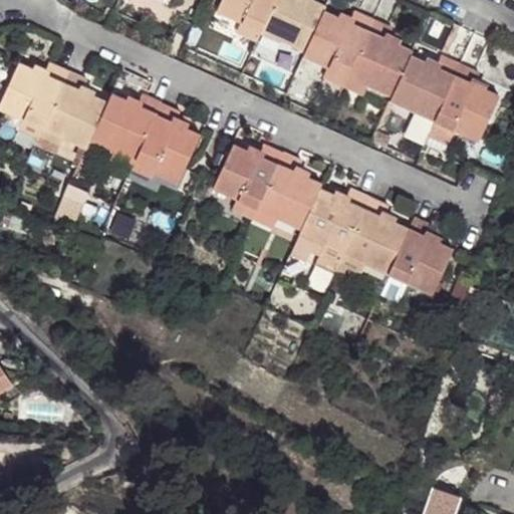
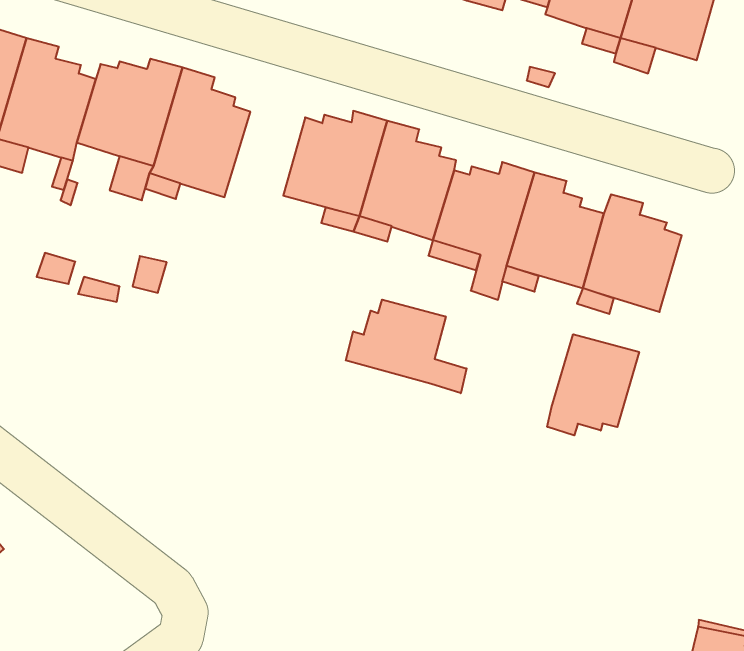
building: none -> [346,300,467,393]
building: none -> [547,334,639,435]

